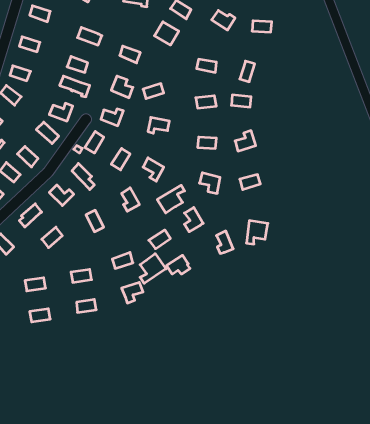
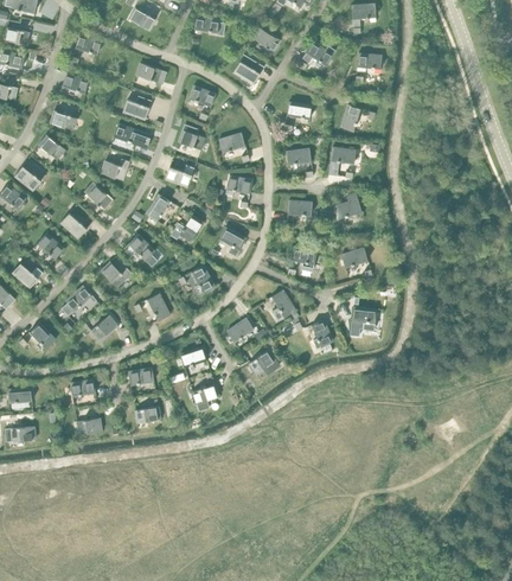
building: [157,185,185,213] -> none
building: [140,254,166,283] -> none

